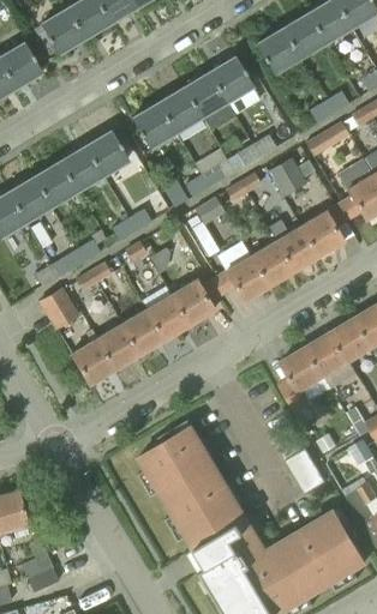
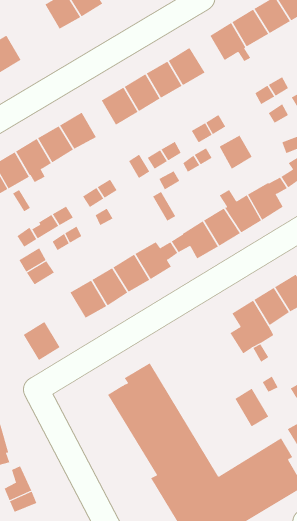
building: [32,8,84,55] -> none
building: [71,339,114,385] -> [23,321,60,361]

